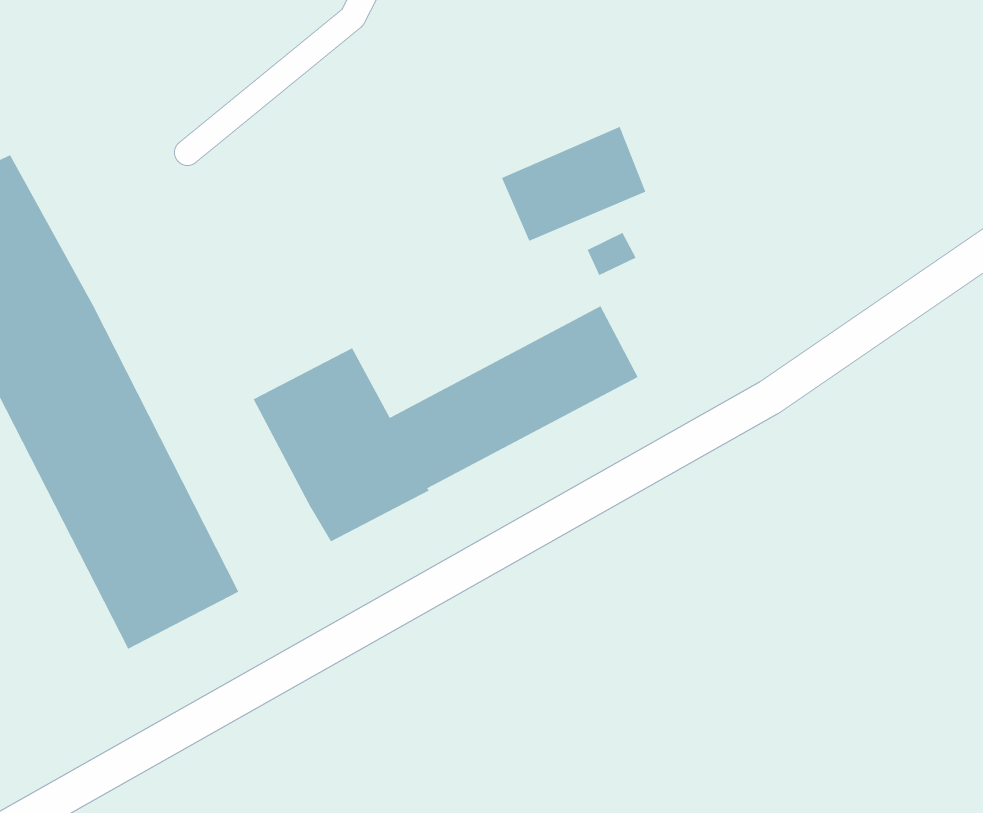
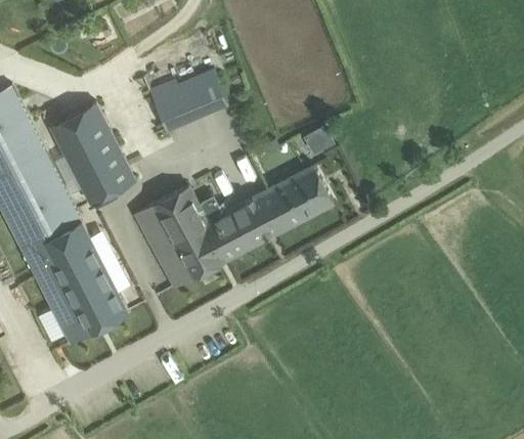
building: [501,126,646,242] -> [152,71,227,130]
building: none -> [50,103,136,205]

